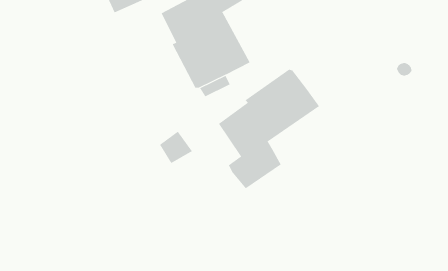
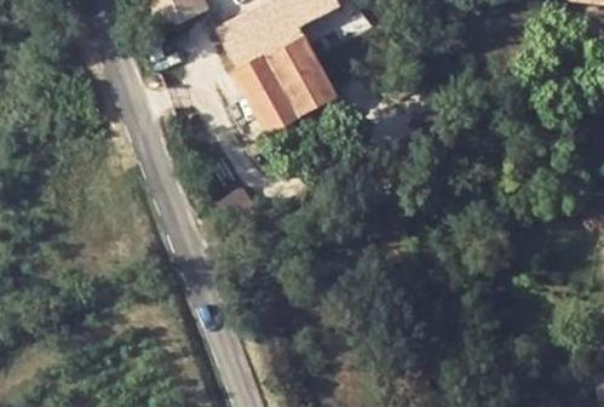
building: [218,69,320,189] -> none

